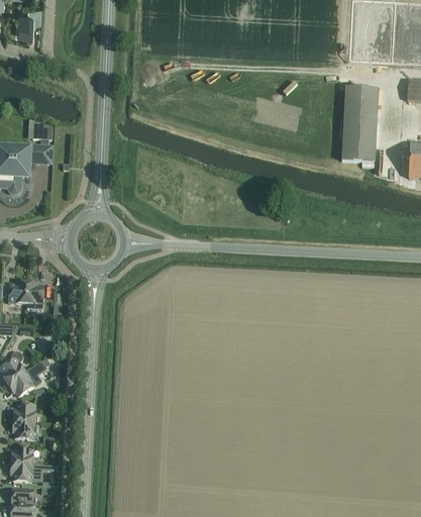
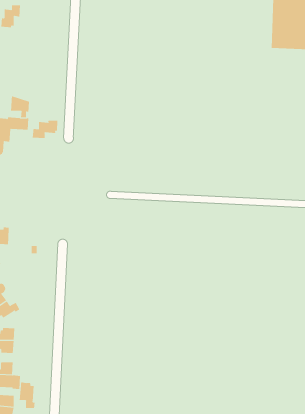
building: [342,87,379,162] -> none
building: none -> [32,120,58,139]
building: [26,282,44,309] -> none
building: none -> [19,382,35,409]

